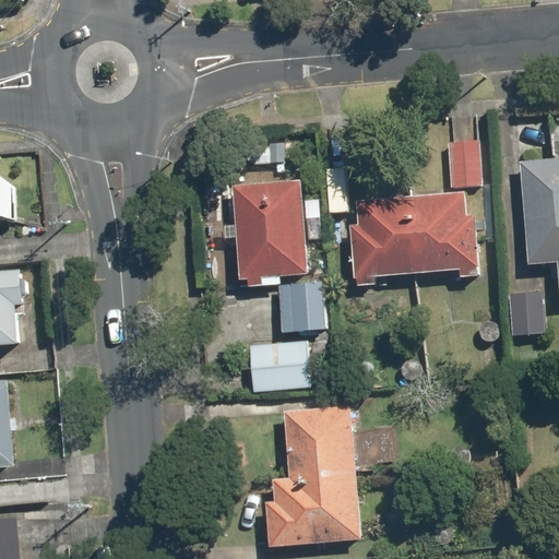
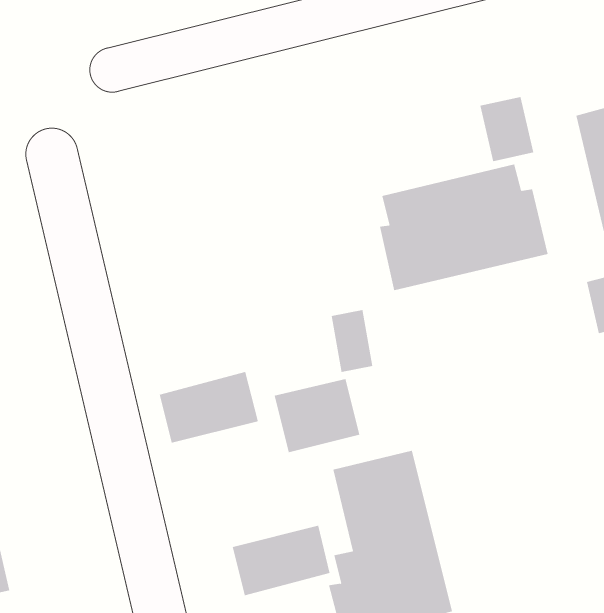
building: [231,180,309,280] -> none
building: none -> [159,371,258,444]
building: none -> [232,525,330,596]

